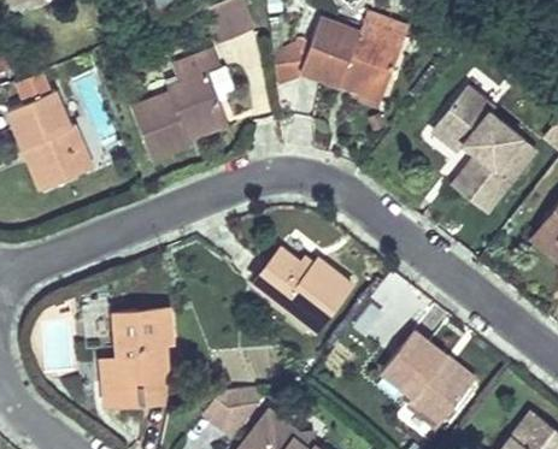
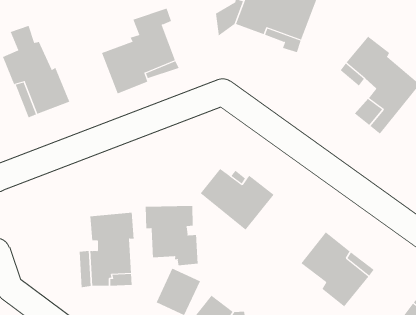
building: none -> [145,205,198,266]

